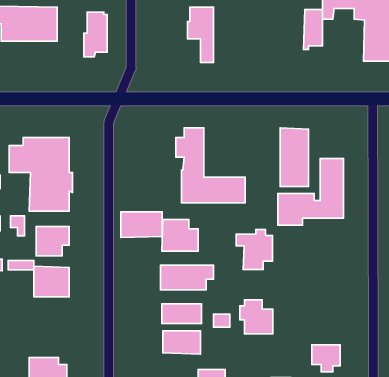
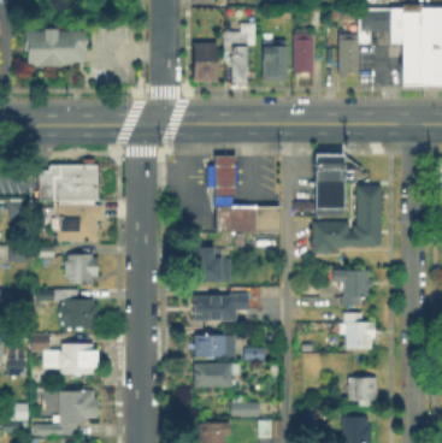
building: none -> [295,33,312,72]
building: [84,12,107,57] -> [191,41,216,87]
building: none -> [263,41,288,82]
building: [121,212,162,237] -> none
building: [236,230,272,269] -> [334,265,371,306]
building: [240,300,273,334] -> [341,313,375,348]
building: none -> [34,337,98,376]

